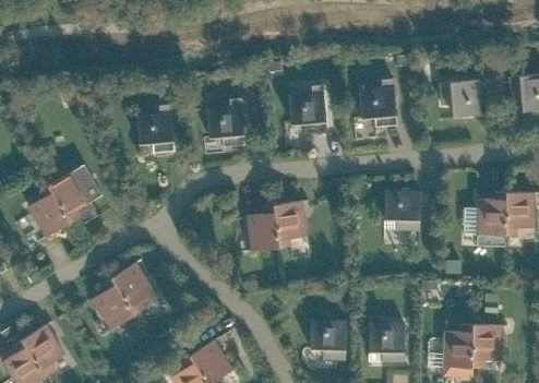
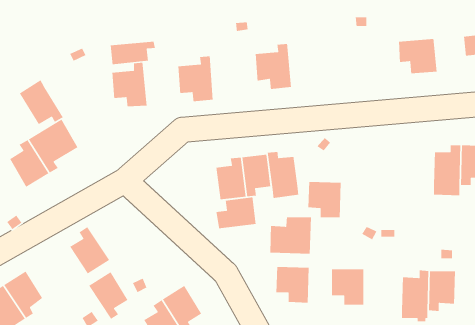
building: [358,79,397,127] -> none
building: none -> [110,41,156,65]
building: none -> [19,79,64,125]
building: [384,190,420,229] -> [307,181,342,218]
building: none -> [267,151,299,199]
building: none -> [215,196,256,229]
building: [111,262,154,313] -> [88,271,128,320]
building: none -> [270,217,312,254]

